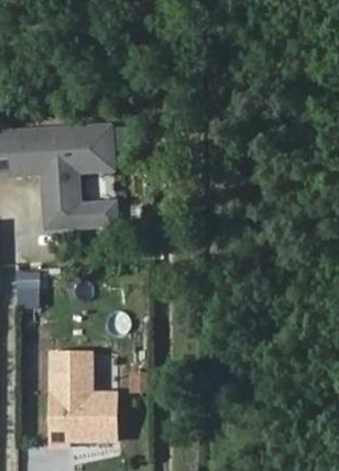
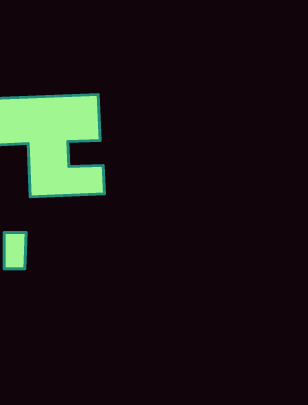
building: [46,349,121,446] -> none

